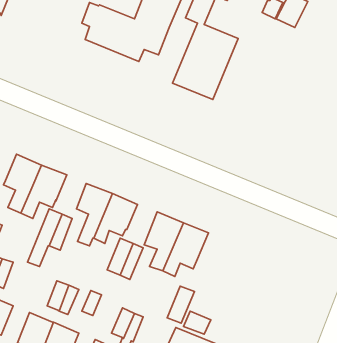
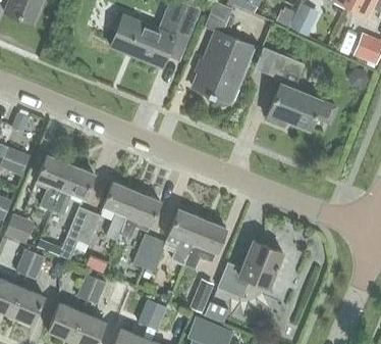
building: none -> [266,53,336,129]
building: none -> [218,239,282,294]

